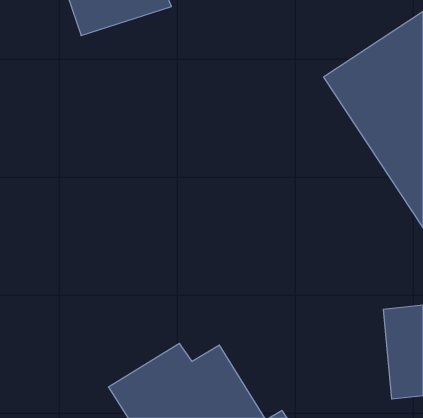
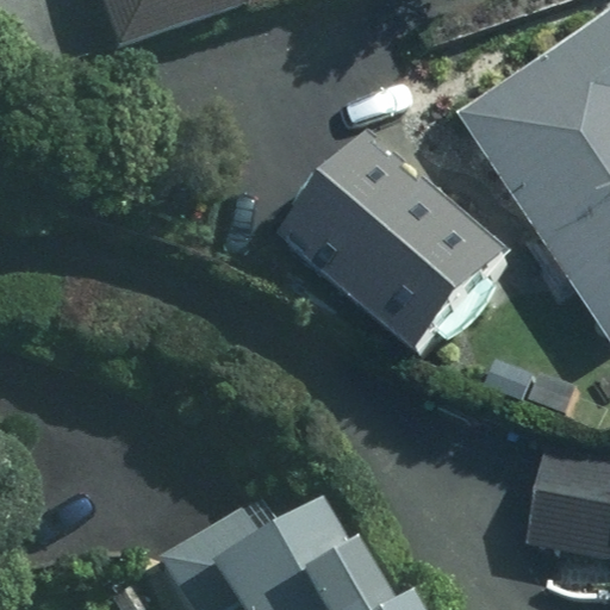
building: none -> [285,133,516,361]

